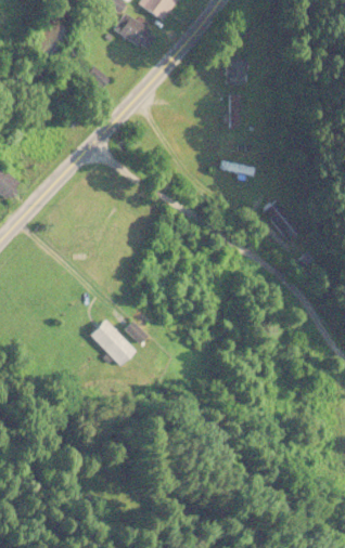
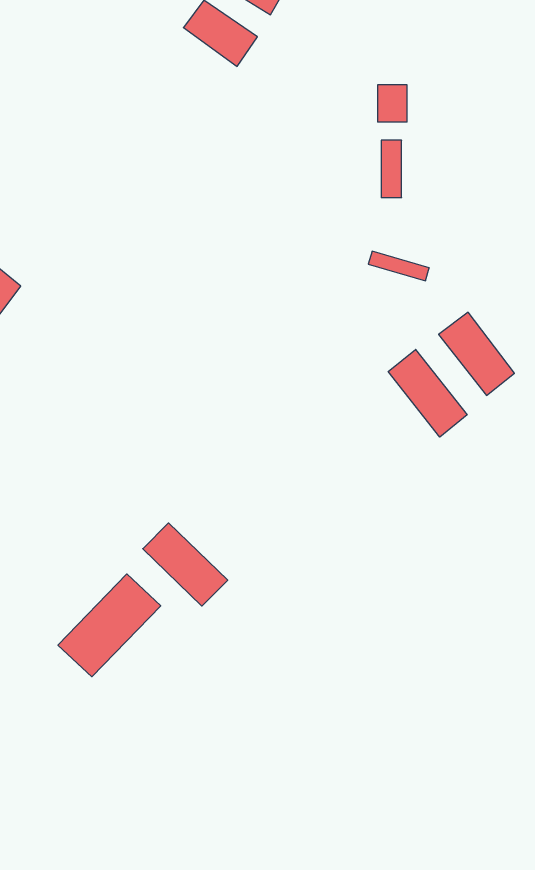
building: none -> [388,349,467,437]
building: none -> [58,574,161,677]

